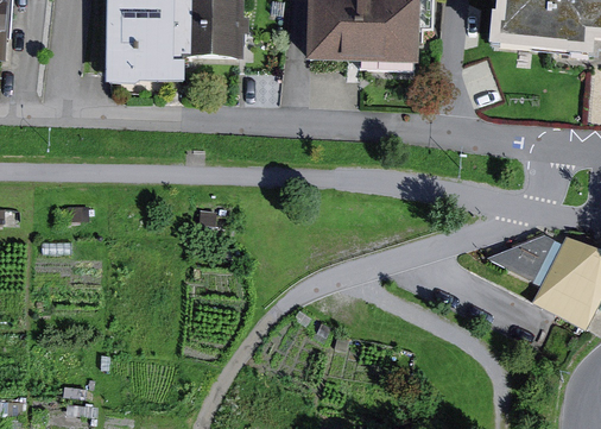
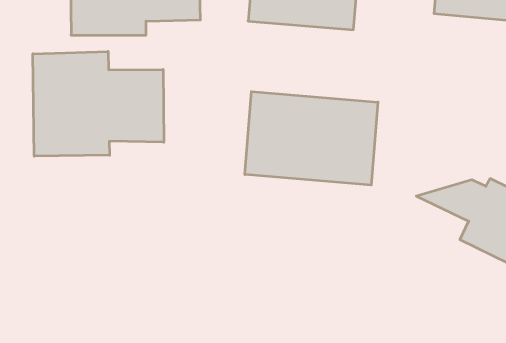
building: none -> [33,51,164,156]
building: none -> [245,92,378,185]

